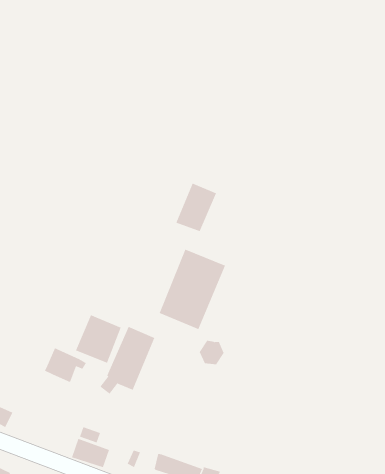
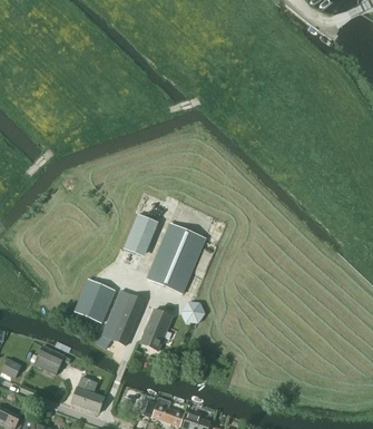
building: [176,183,217,232] -> [122,214,158,256]
building: [44,348,87,382] -> [33,344,70,374]
building: none -> [139,309,171,351]

